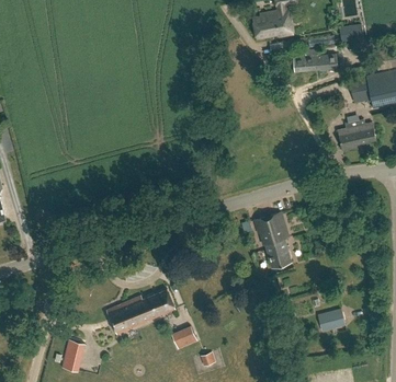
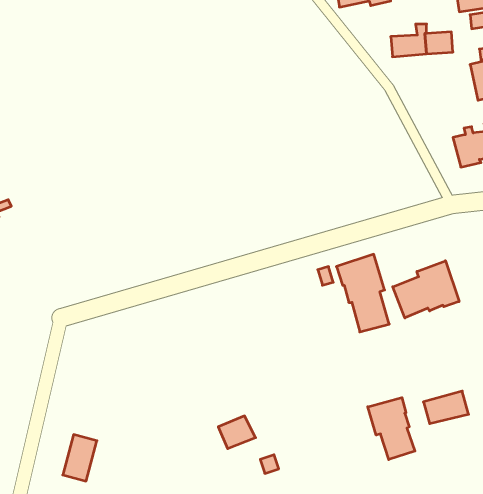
building: none -> [393,261,459,318]
building: [108,290,176,333] -> none
building: none -> [368,398,415,460]

